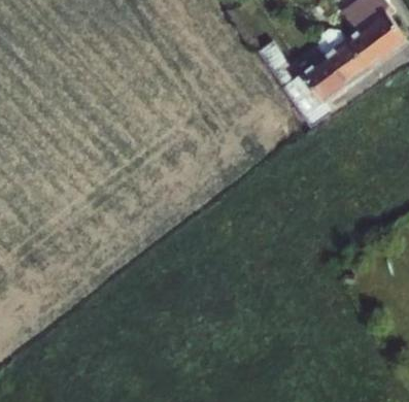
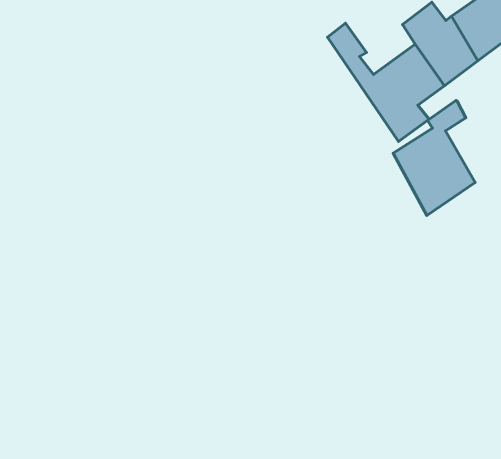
building: none -> [393,101,475,215]

